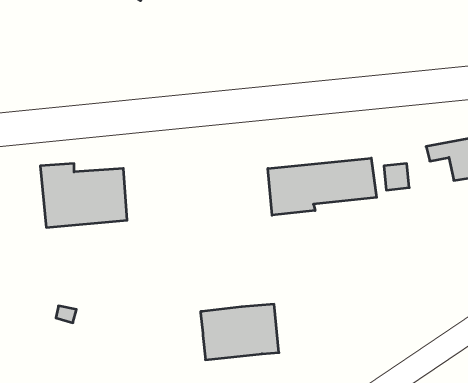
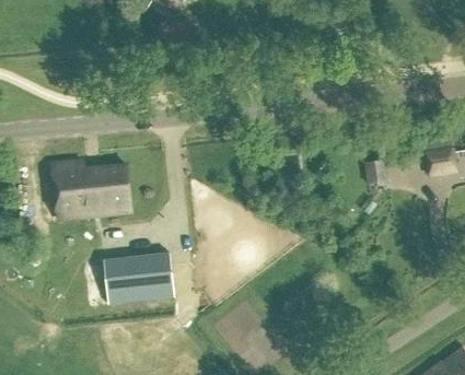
building: [268,158,377,215] -> none
building: [201,304,279,360] -> [102,253,173,303]

